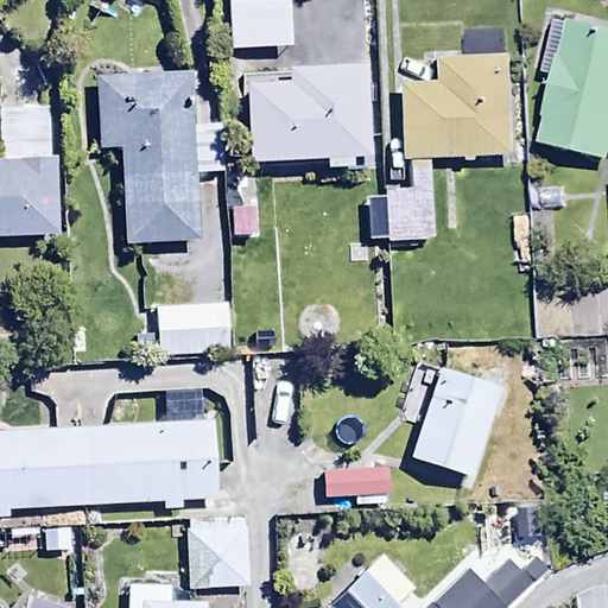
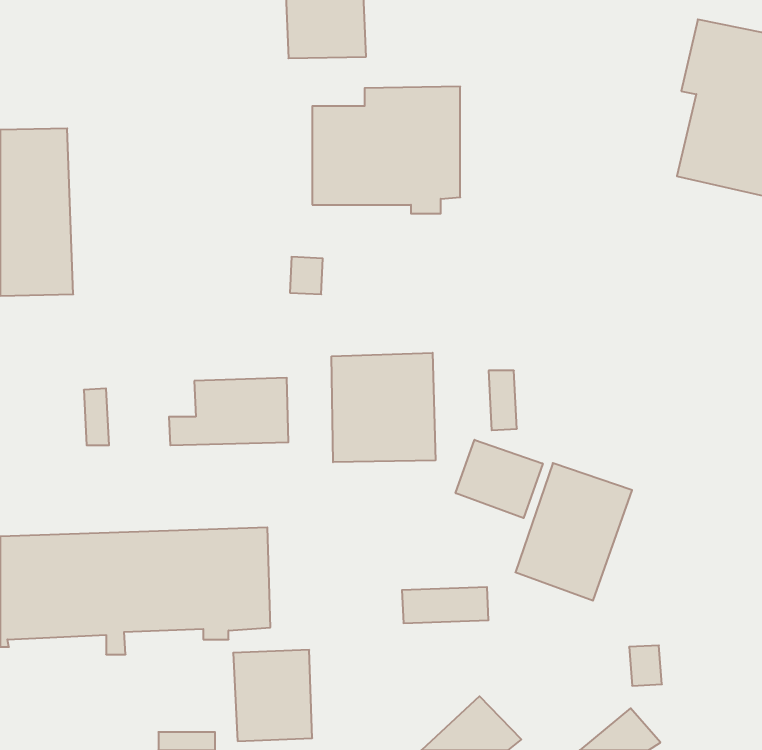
building: [385,55,517,241] -> none
building: [97,71,220,243] -> none
building: none -> [332,353,435,462]
building: none -> [456,440,543,518]

